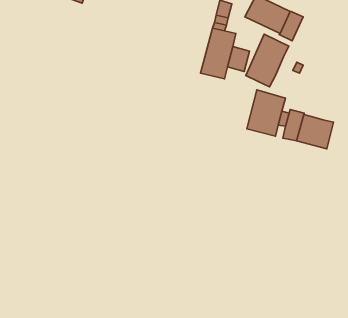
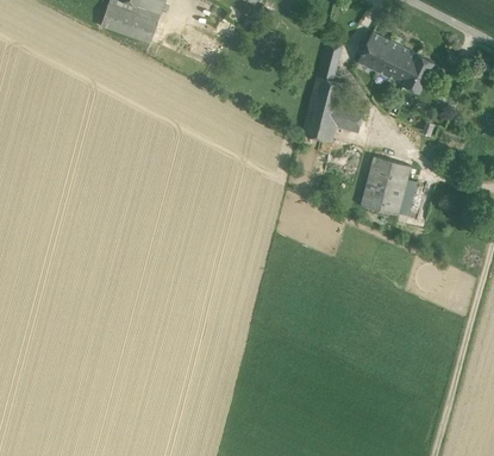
building: [246,34,289,87] -> none
building: [297,115,333,149] -> none

